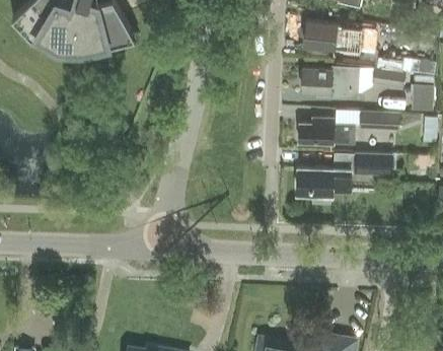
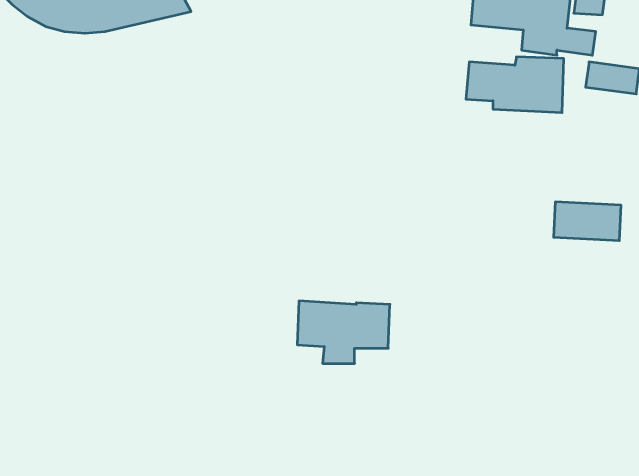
building: [359,111,399,132] -> none
building: [298,118,355,144] -> none
building: [296,166,352,204] -> [297,301,390,363]

